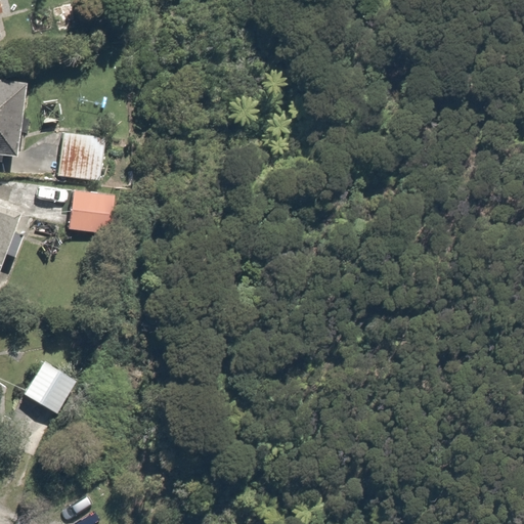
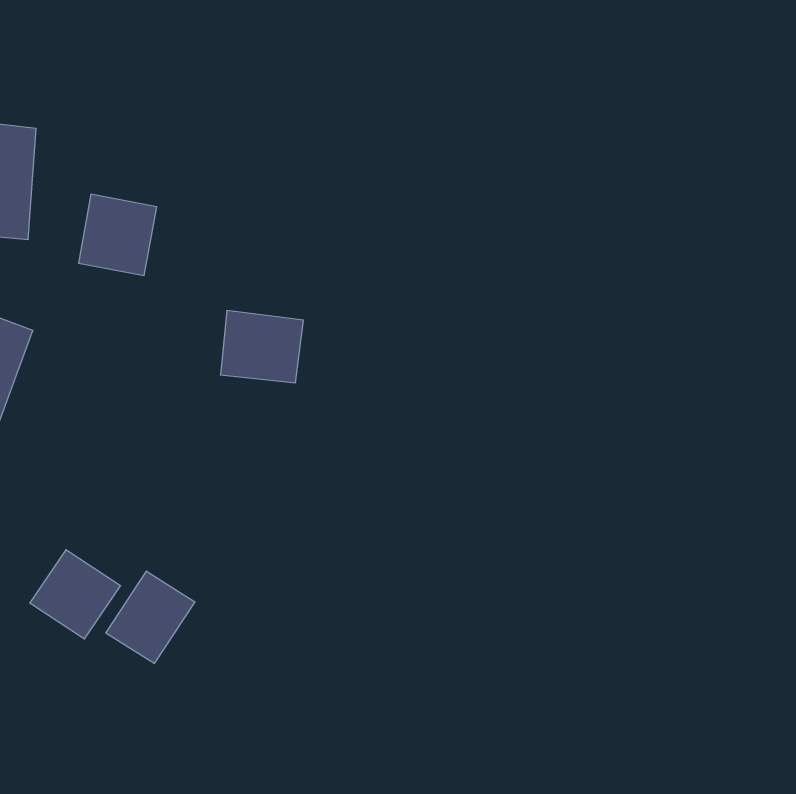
building: [62,186,117,233] -> [220,311,303,383]
building: none -> [106,571,195,664]

